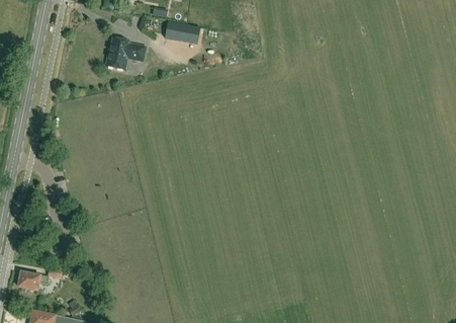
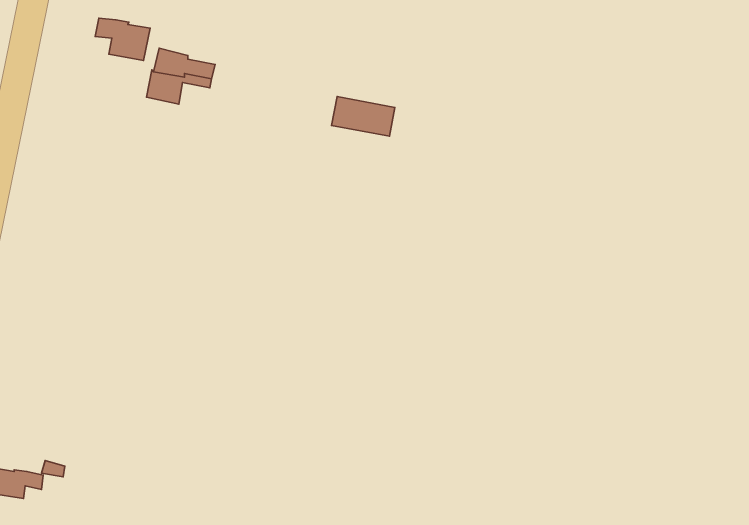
building: none -> [95,18,150,61]
building: [165,22,200,45] -> [332,96,395,136]

